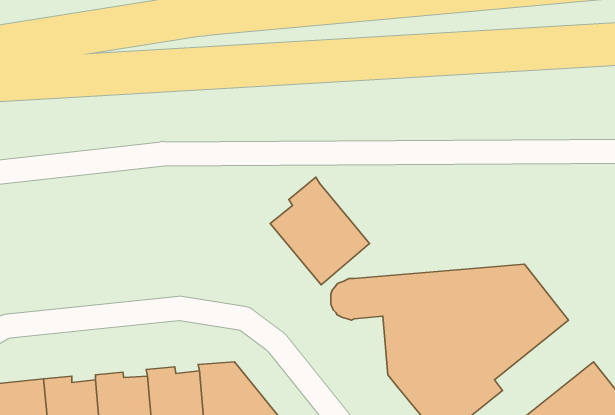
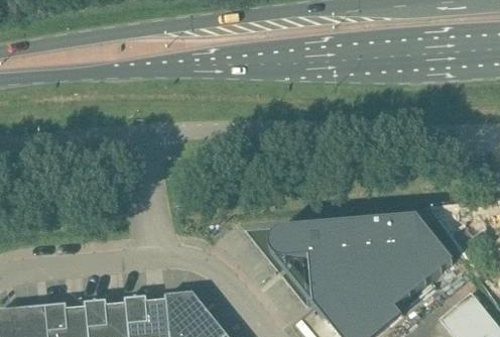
building: [270,177,370,285] -> none

